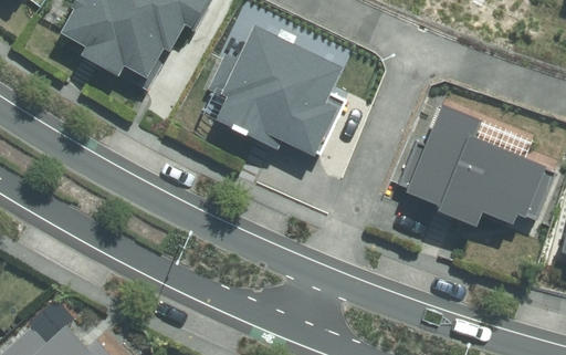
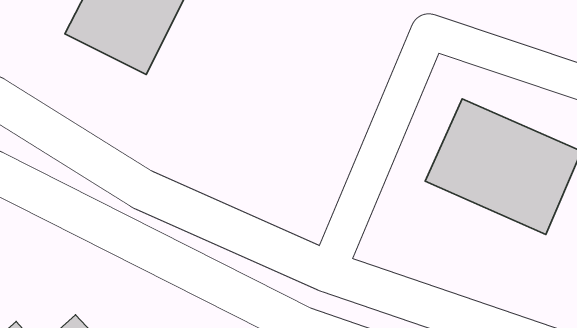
building: [214,30,344,156] -> none

